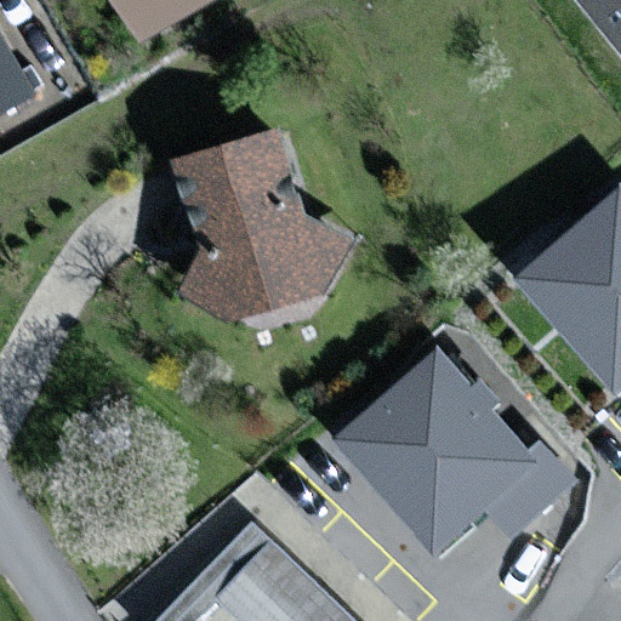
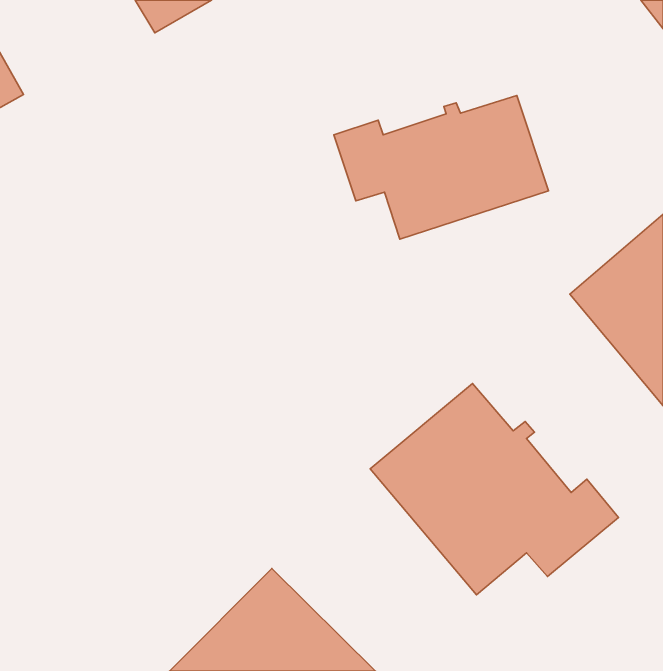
building: none -> [334,96,548,239]
building: [188,131,344,309] -> none

